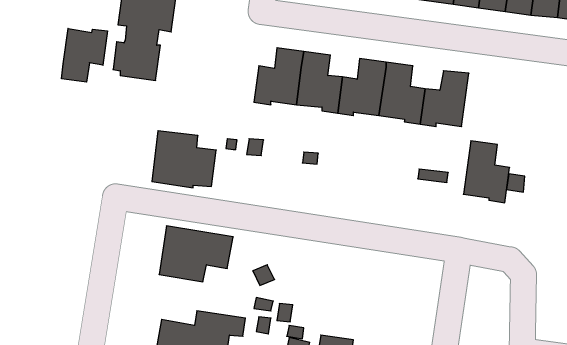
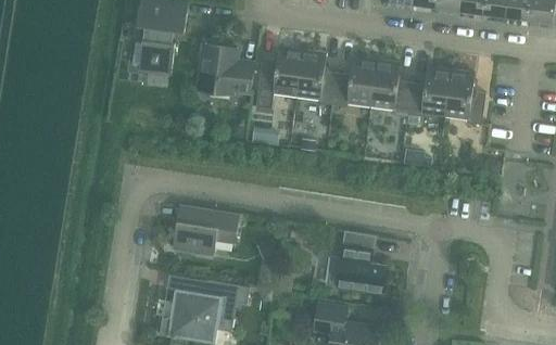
building: [62,28,107,82] -> none
building: [152,131,216,188] -> [198,44,255,95]
building: [463,141,510,203] -> [444,68,485,124]
building: none -> [327,232,386,291]

